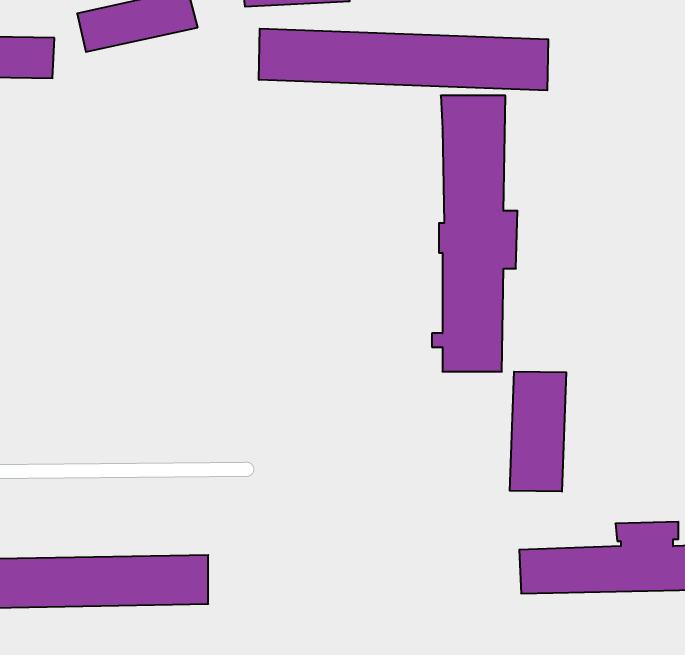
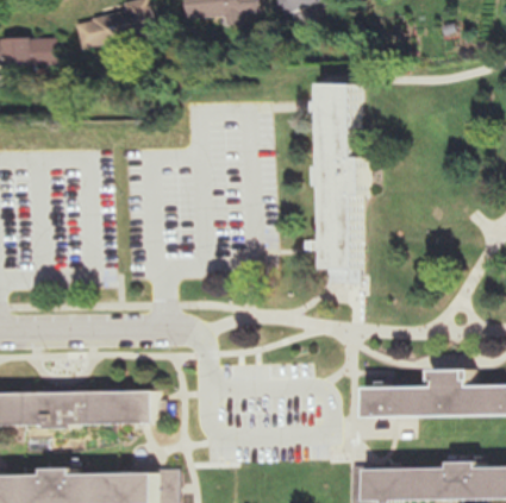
building: [259,29,548,90] -> none
building: [510,372,566,492] -> none

